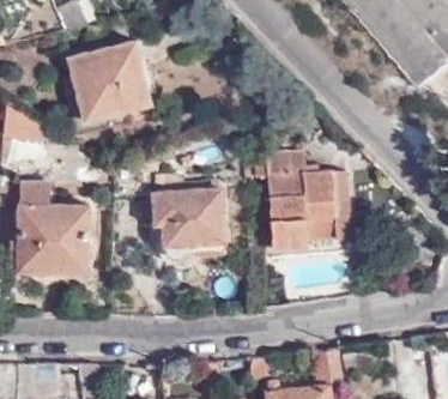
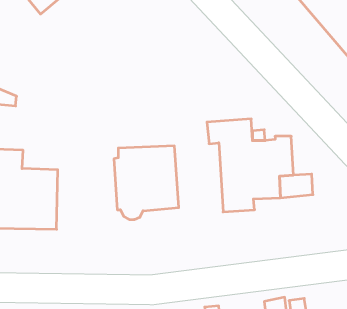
building: [68,41,151,119] -> none

